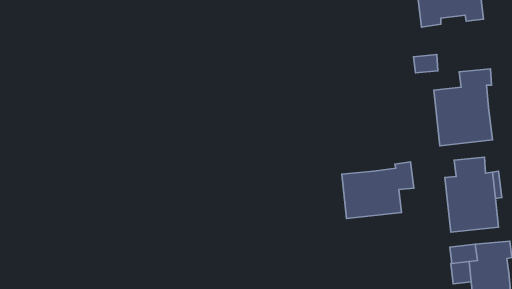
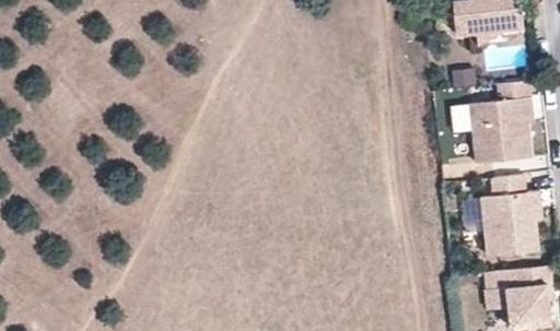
building: [342,162,414,219] -> none

